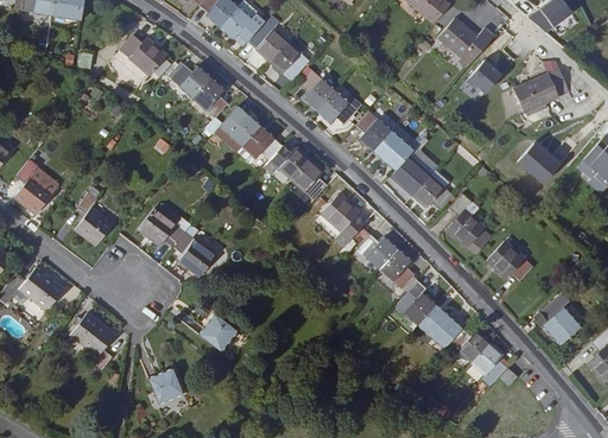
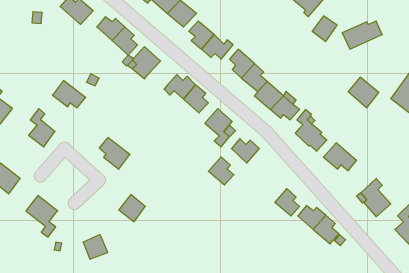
building: [241,126,281,159] -> none
building: [139,209,185,247] -> [52,81,86,108]
building: [379,248,414,287] -> [208,157,234,185]
building: [395,279,435,323] -> none

